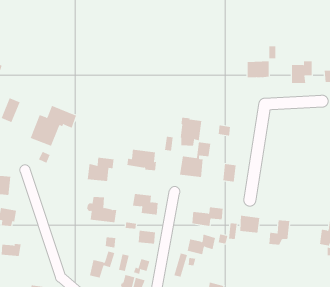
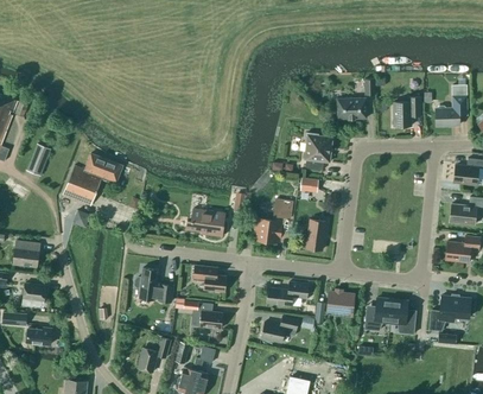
building: [180,117,202,146] -> [304,133,332,170]
building: [87,157,114,182] -> none
building: none -> [389,299,415,333]

